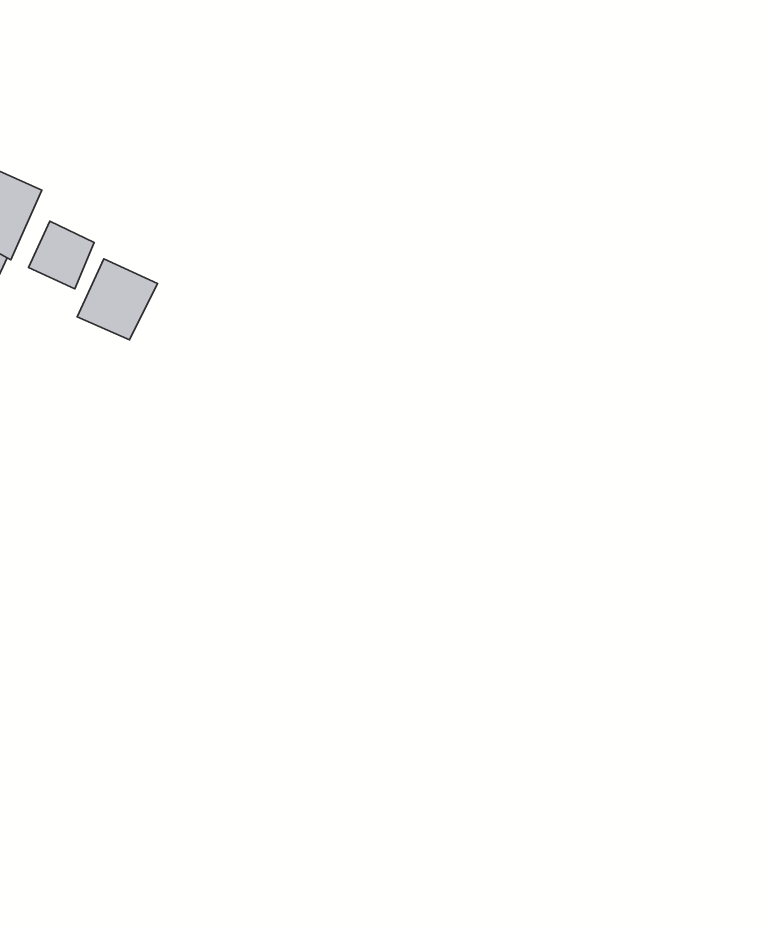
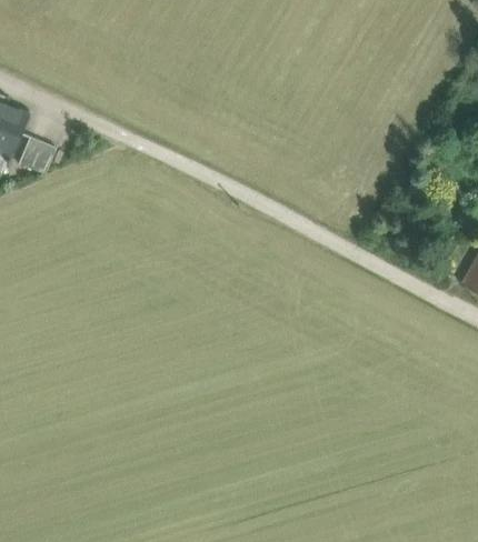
building: [77,259,158,340] -> none

